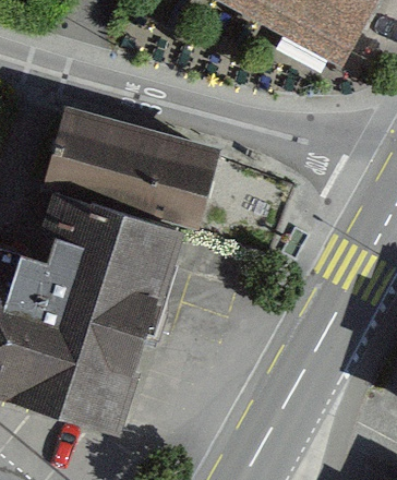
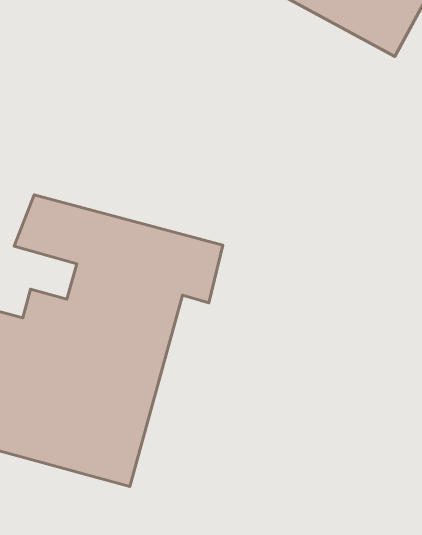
building: [40,103,217,224] -> none

